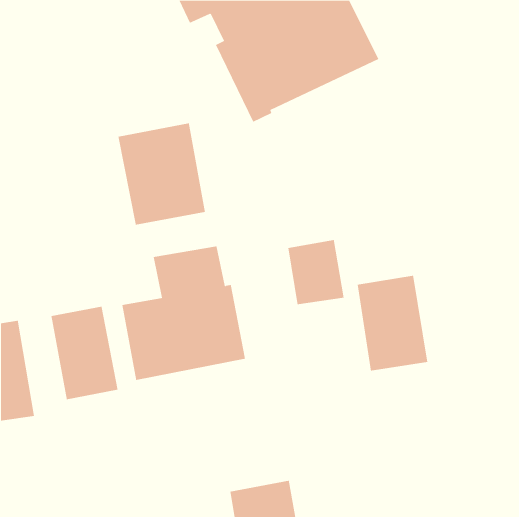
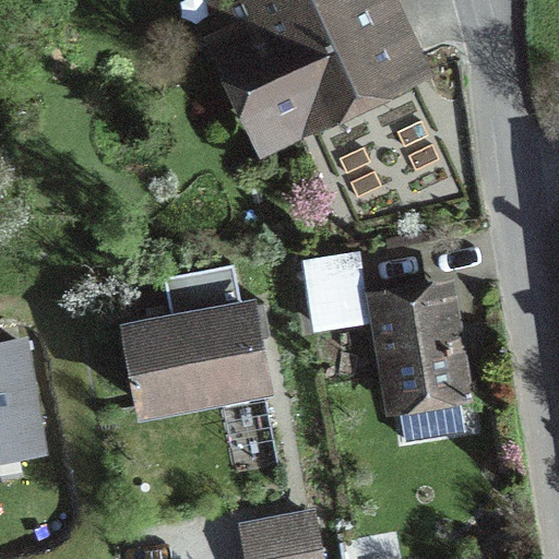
building: [118,123,206,226] -> none
building: [51,306,118,400] -> none

